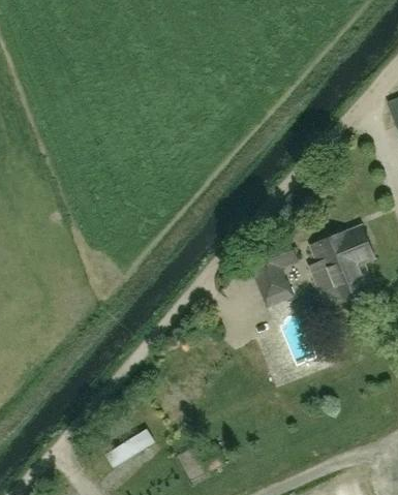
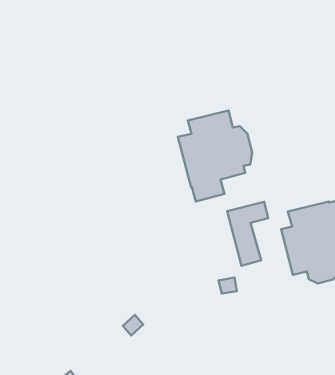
building: none -> [178,110,252,201]

